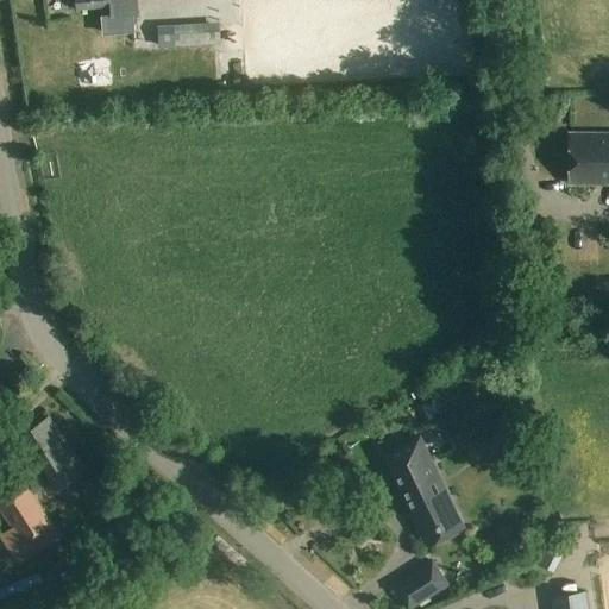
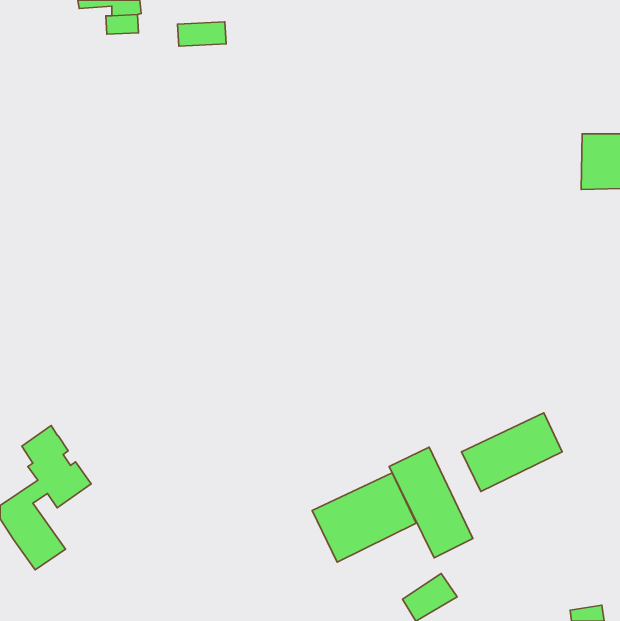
building: none -> [462,413,562,492]
building: none -> [312,473,416,562]

